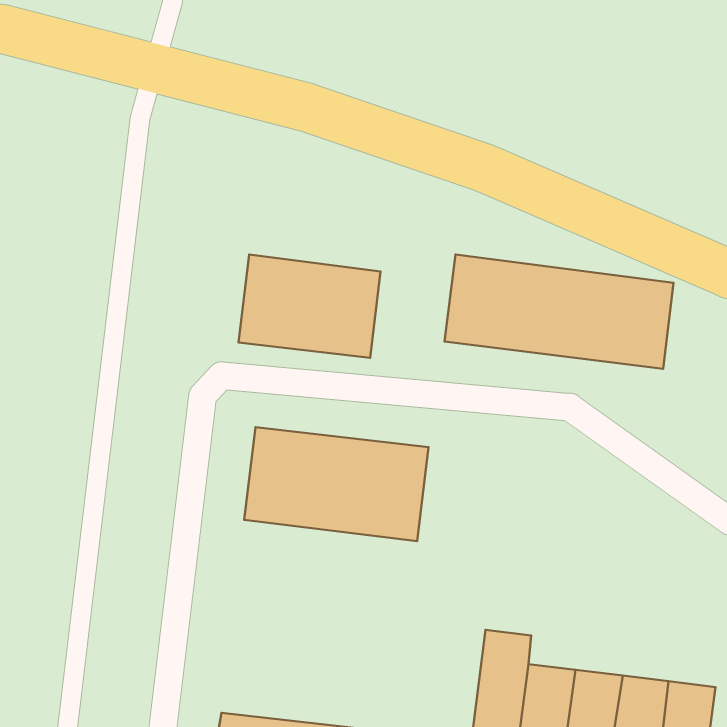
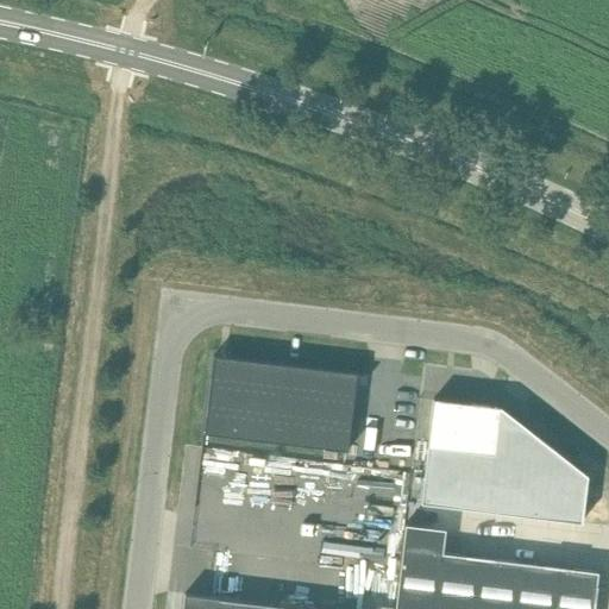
building: [444,255,674,369] -> none
building: [239,255,381,358] -> none
building: none -> [423,401,590,525]

